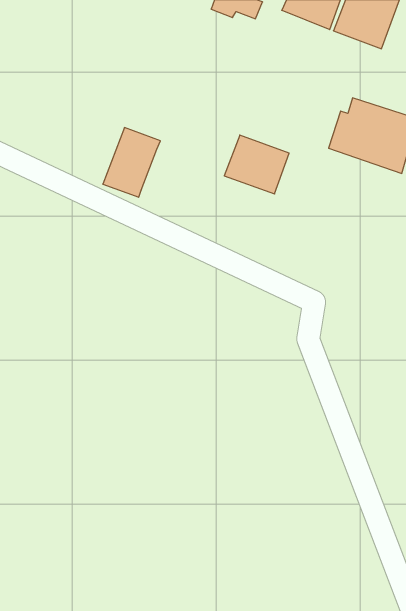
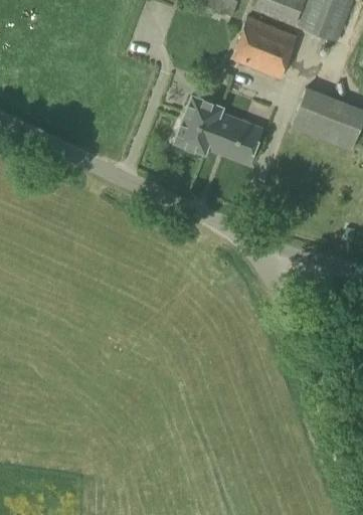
building: none -> [231,16,298,79]
building: [103,128,160,197] -> [175,96,223,154]

